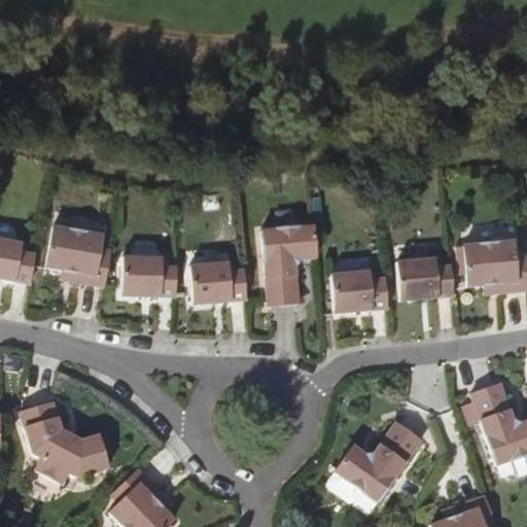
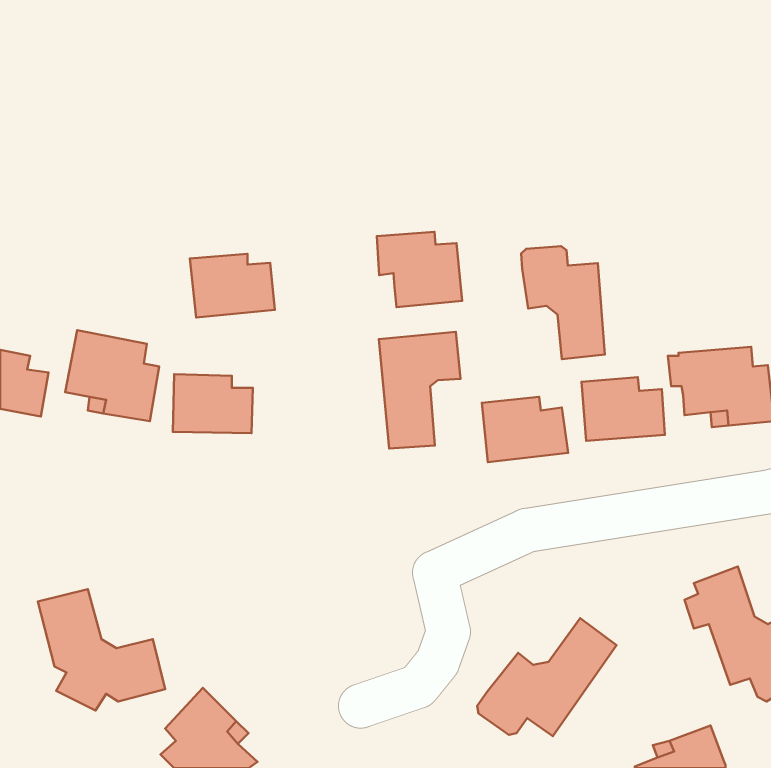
building: none -> [377,232,462,307]
building: none -> [521,246,605,359]
building: [187,259,245,303] -> [190,254,275,317]

